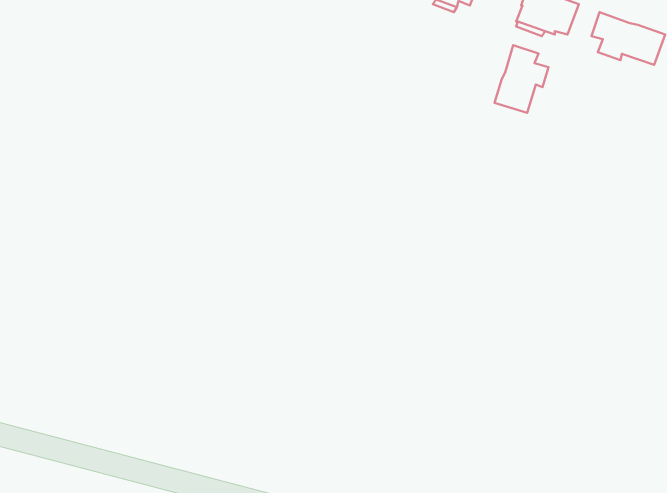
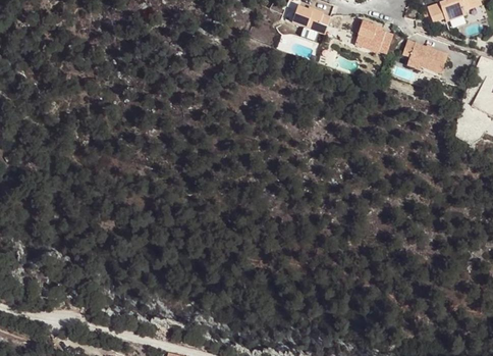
building: [494,45,548,113] -> none

